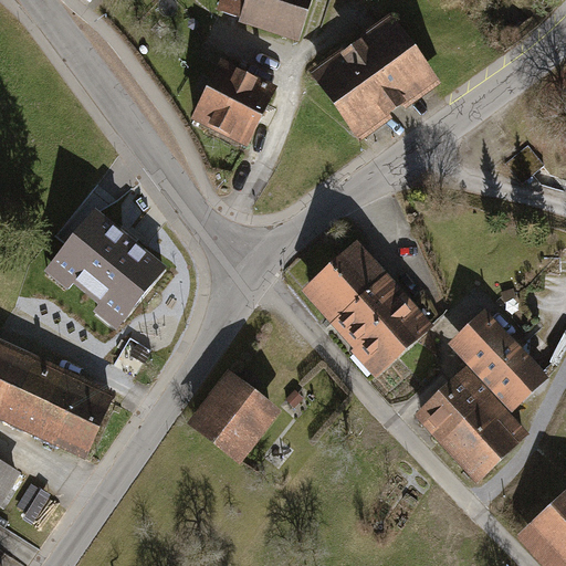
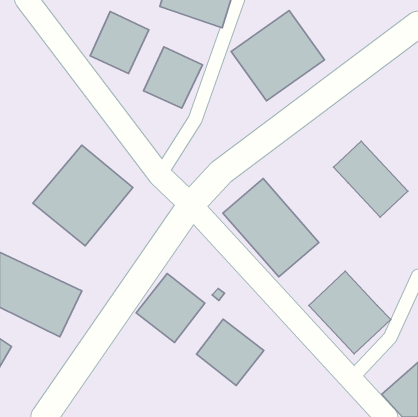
building: none -> [90,12,149,73]
building: [446,310,546,412] -> [333,141,408,217]
building: none -> [196,319,264,386]

